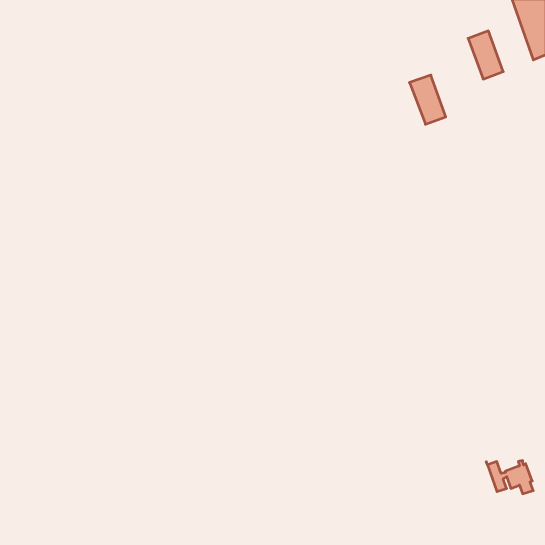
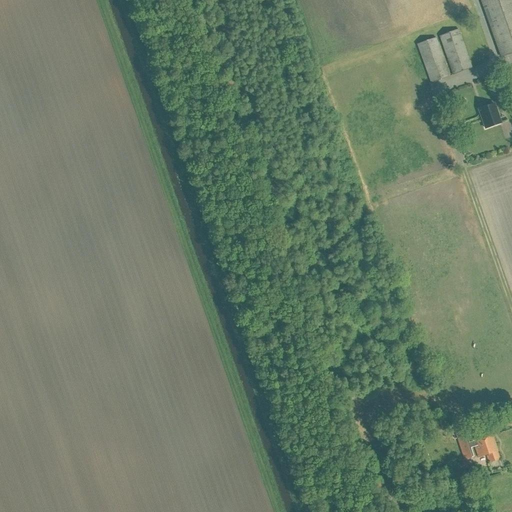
building: [409,75,446,124] -> [417,36,451,82]
building: none -> [478,102,502,129]

